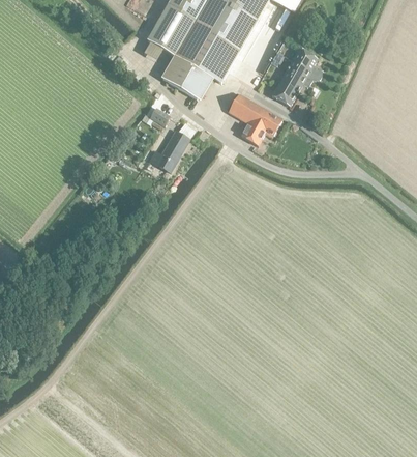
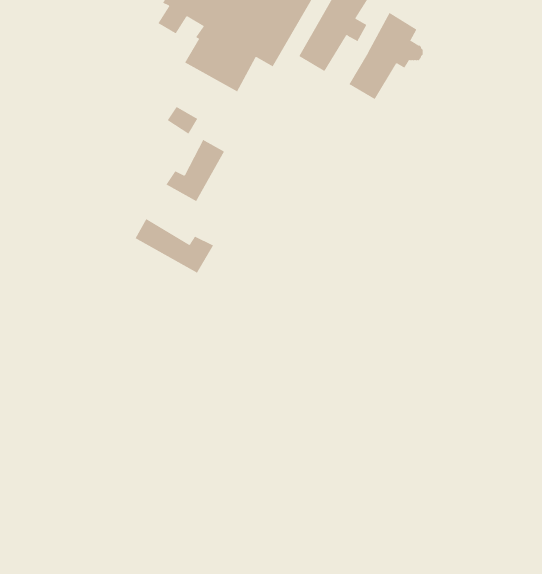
building: [226,91,279,143] -> none
building: none -> [135,218,214,274]

